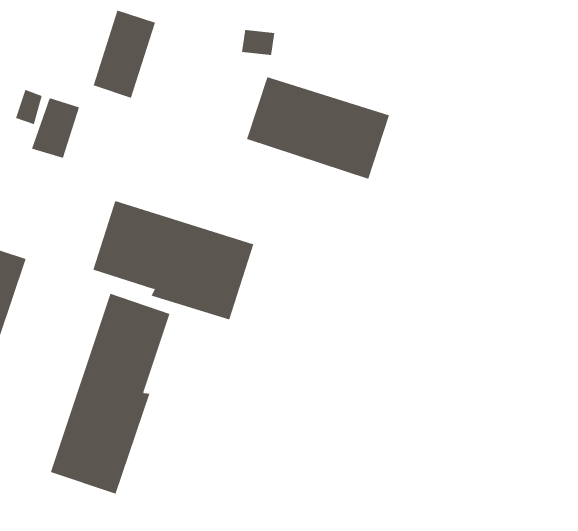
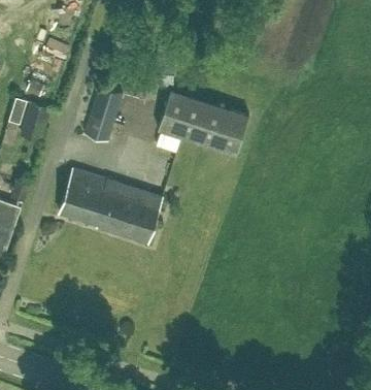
building: [93,10,156,98] -> [83,87,124,143]
building: [50,293,170,494] -> none

